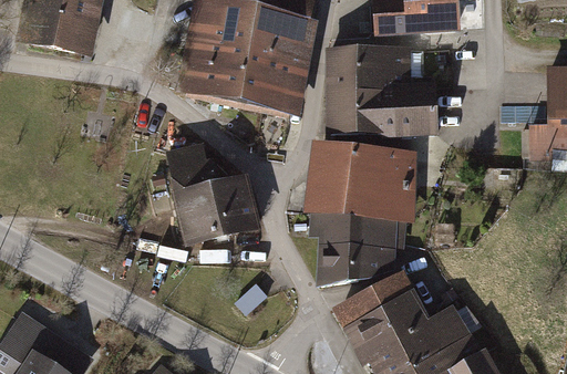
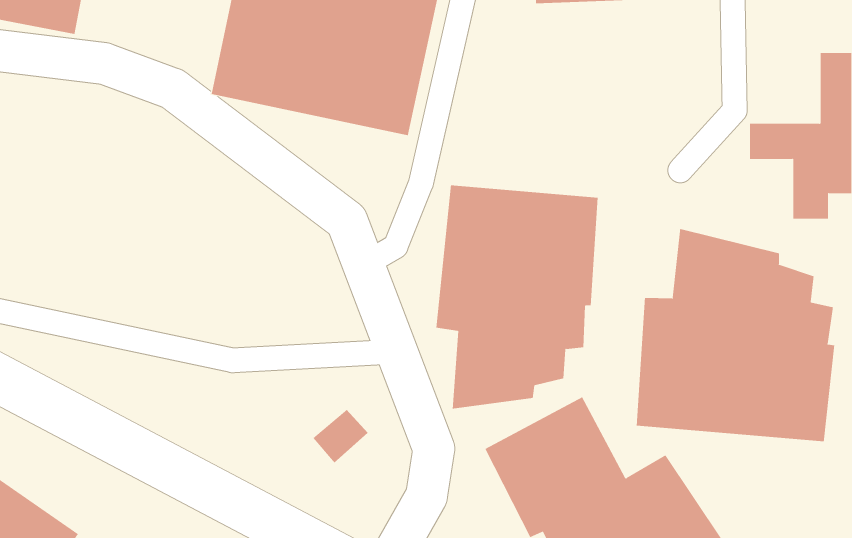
building: [329,48,433,133] -> none
building: [166,145,259,242] -> none
building: none -> [636,228,835,442]

